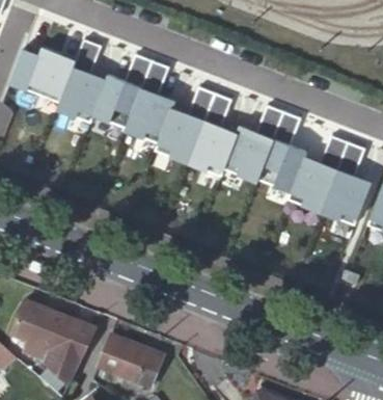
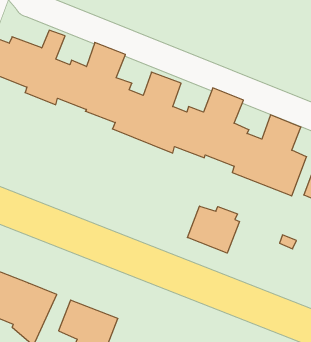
building: none -> [187,206,239,253]

